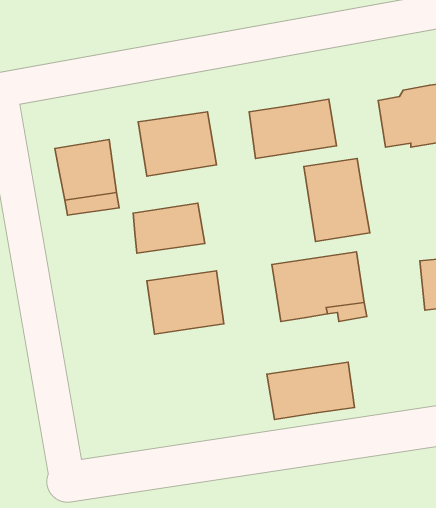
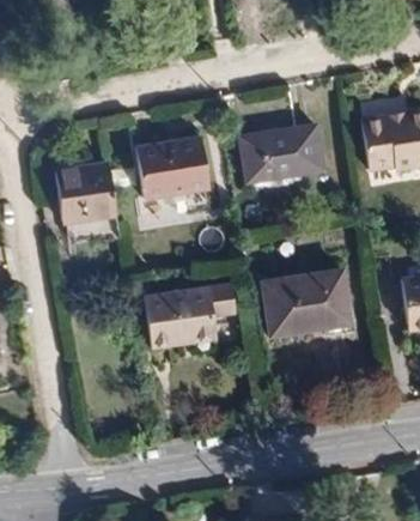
building: [304,158,370,241] -> none
building: [133,203,205,253] -> none
building: [267,362,355,419] -> none

